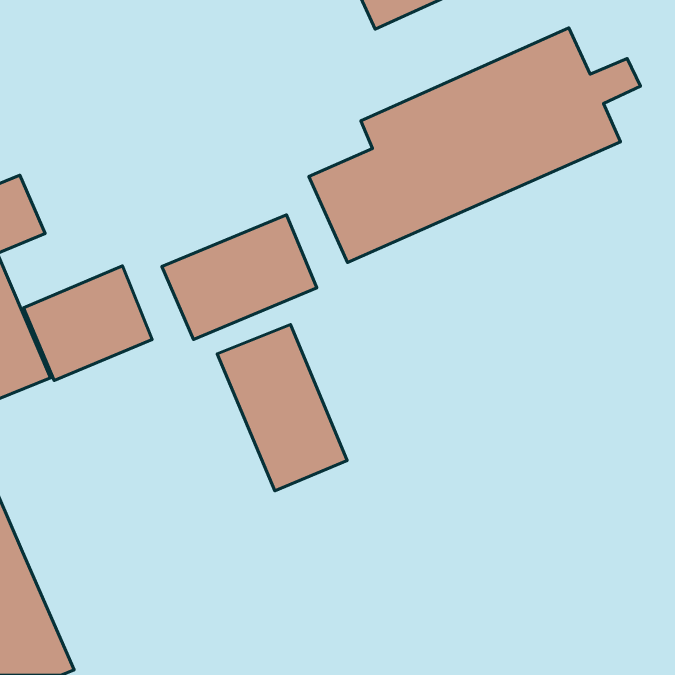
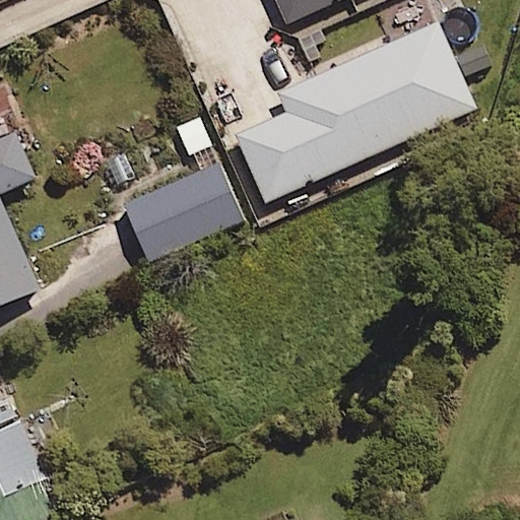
building: [24,266,152,380] -> none
building: [217,325,347,491] -> none

